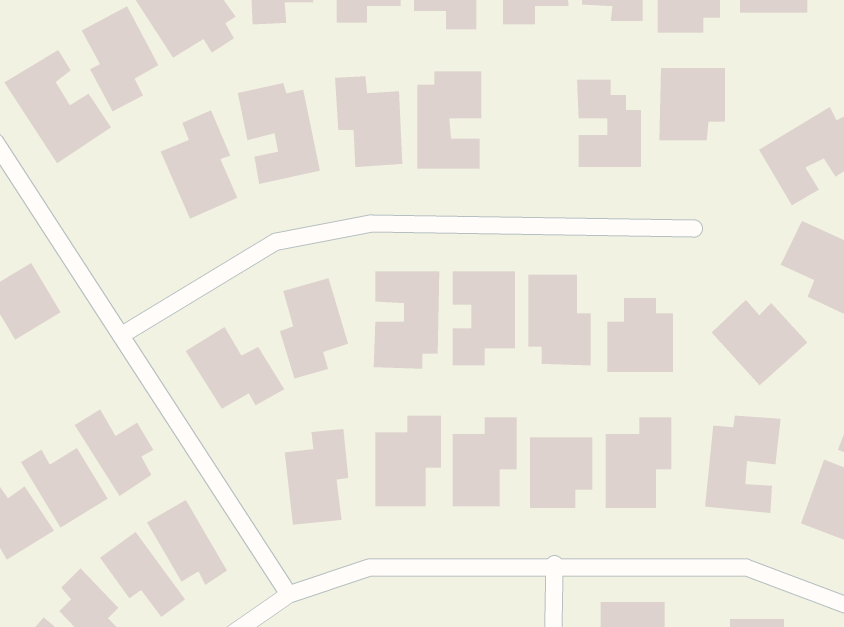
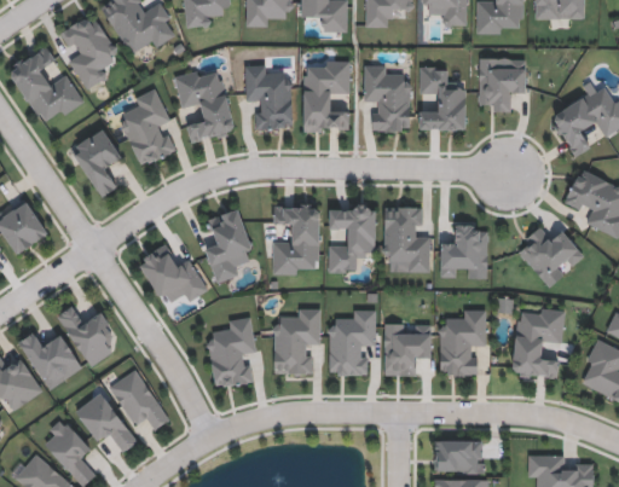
building: none -> [364,65,411,131]
building: none -> [70,128,122,197]

